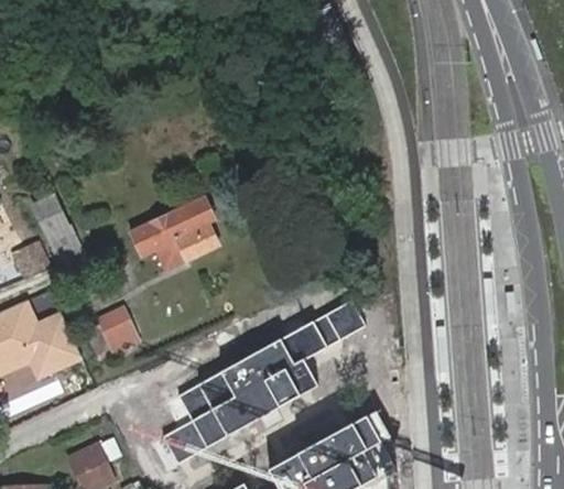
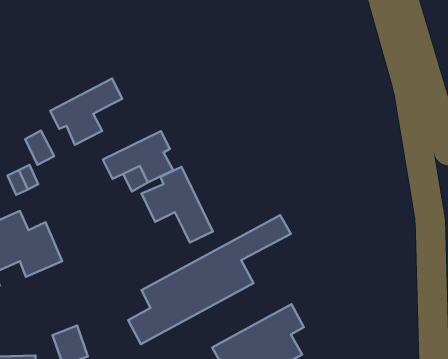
building: none -> [50,79,122,145]
building: none -> [141,167,213,243]
building: [86,308,139,361] -> none

